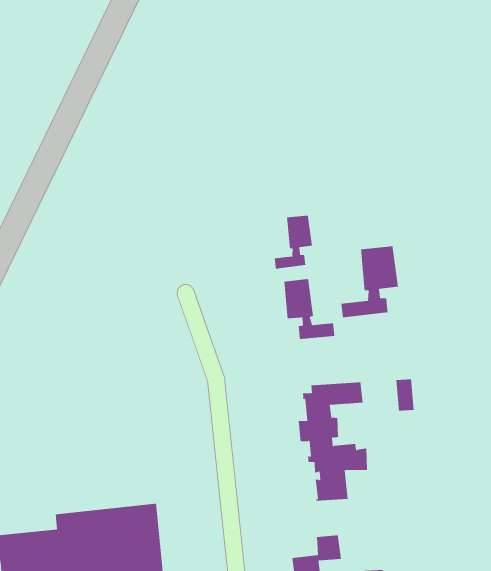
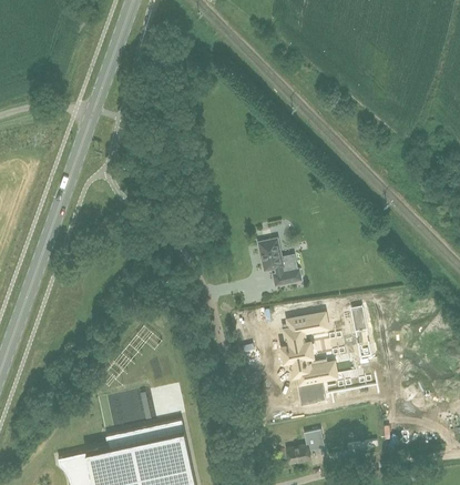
building: [274,215,312,269] -> none
building: [341,246,398,318] -> none

